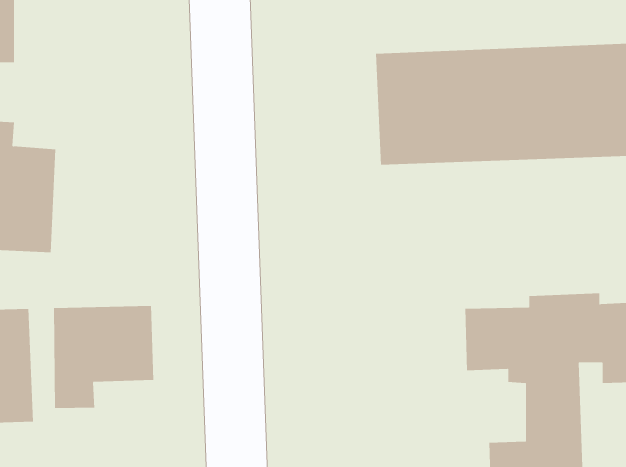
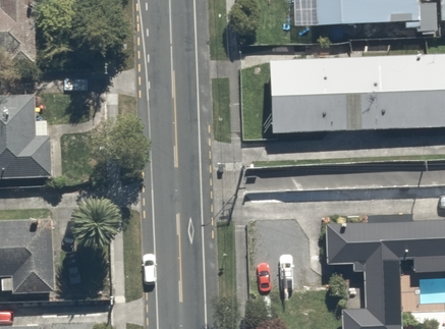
building: [53,305,154,409] -> none

